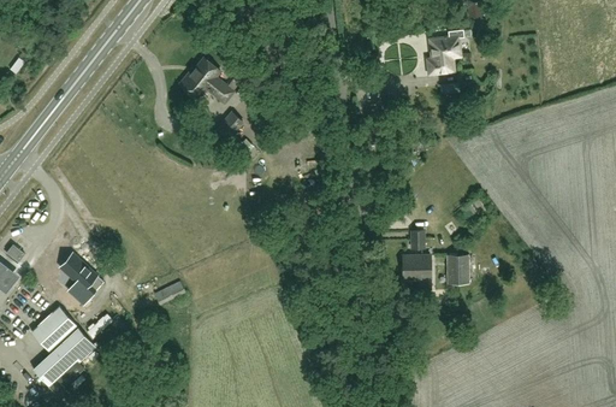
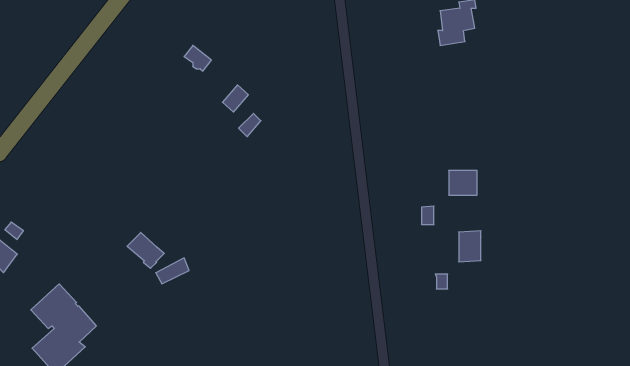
building: [189,58,232,102] -> none
building: [402,255,430,279] -> [449,170,477,195]
building: [66,261,102,296] -> [127,232,164,268]

